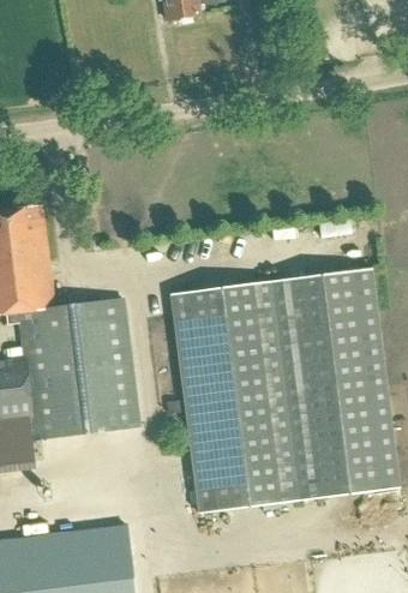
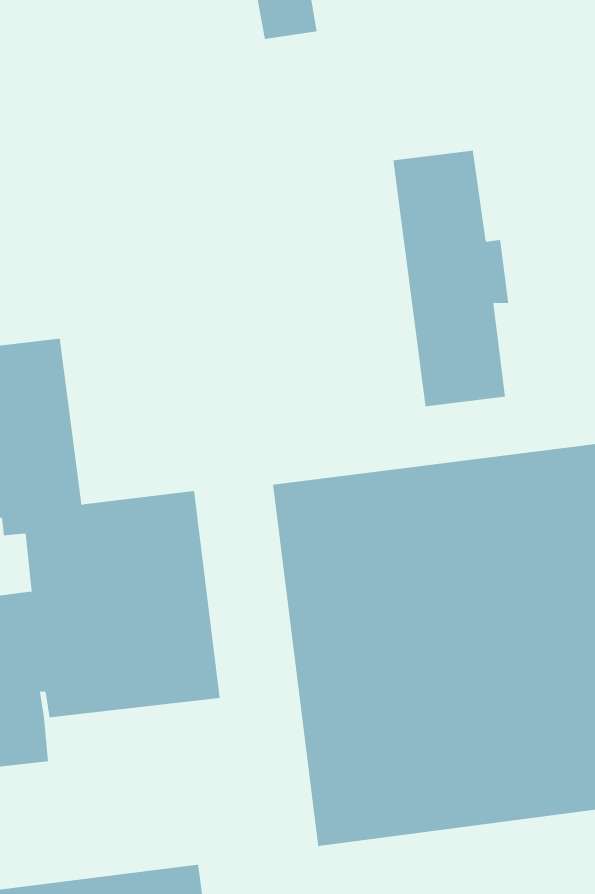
building: none -> [393,150,509,407]

